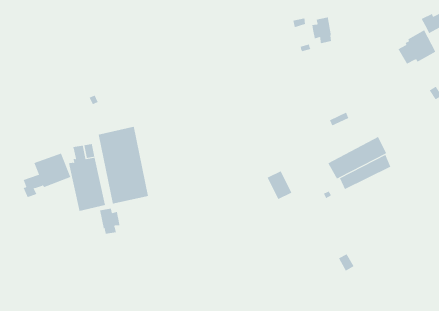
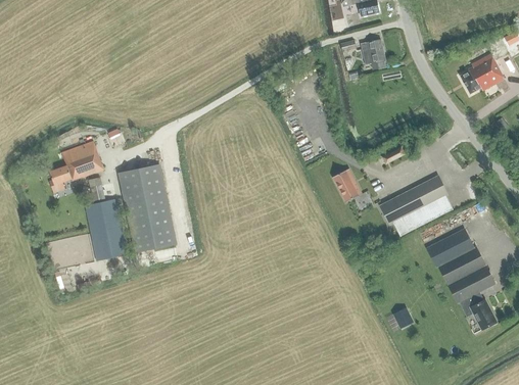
building: [23,153,71,198] -> [49,141,104,192]
building: [267,170,292,200] -> [333,169,362,202]
building: none -> [424,230,497,330]
building: [99,208,120,234] -> none

